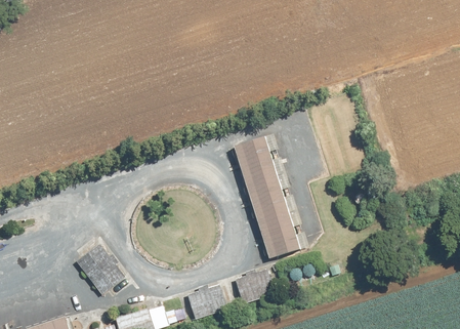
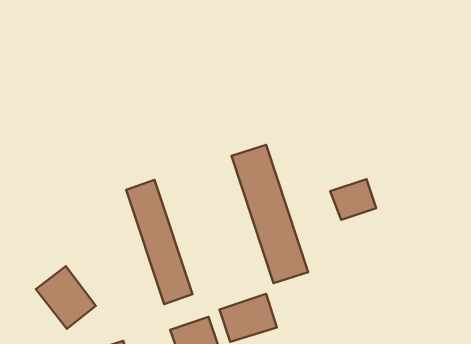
building: none -> [330,179,376,220]
building: none -> [126,180,192,304]

